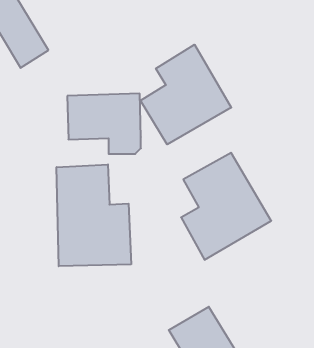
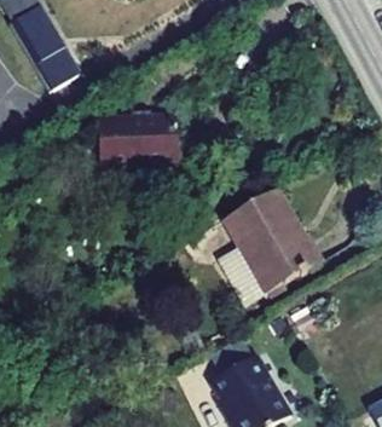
building: [140,45,231,144] -> none
building: [57,164,131,266] -> none

